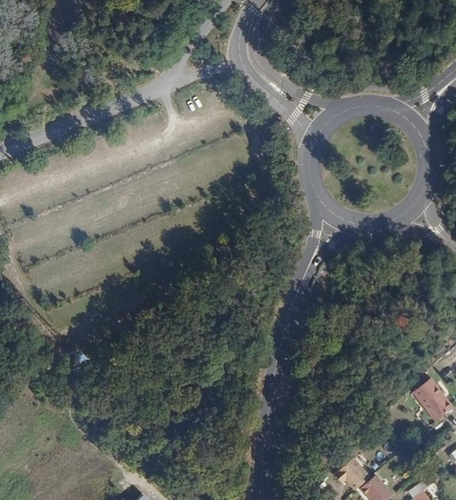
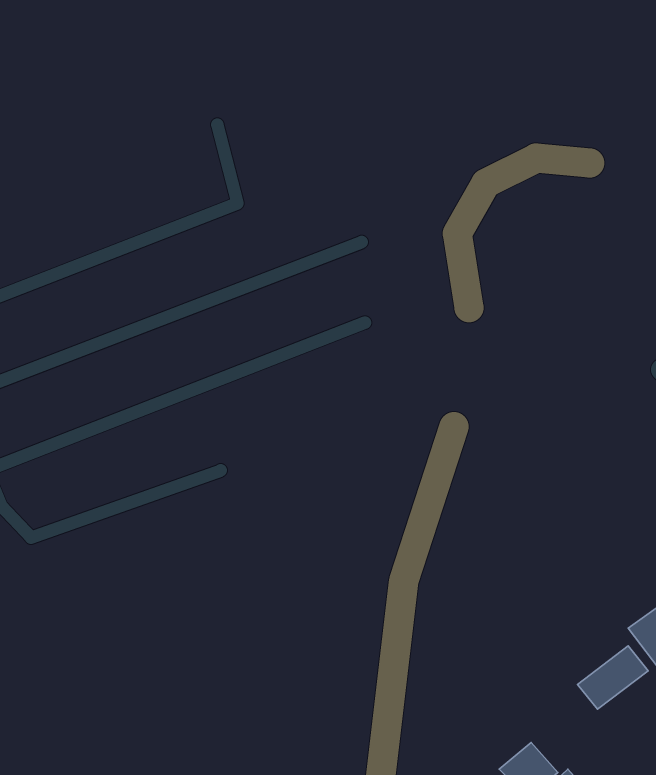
building: none -> [578,646,648,709]

